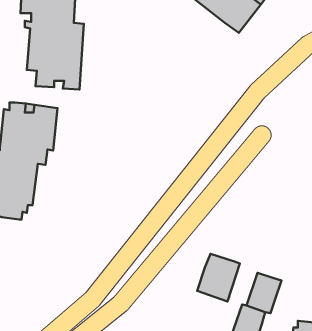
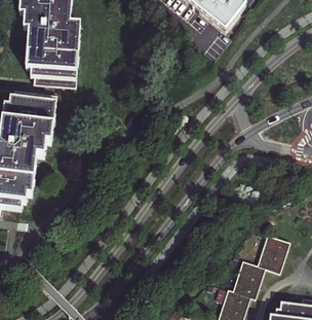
building: none -> [258,235,288,272]
building: [197,254,240,302] -> none

